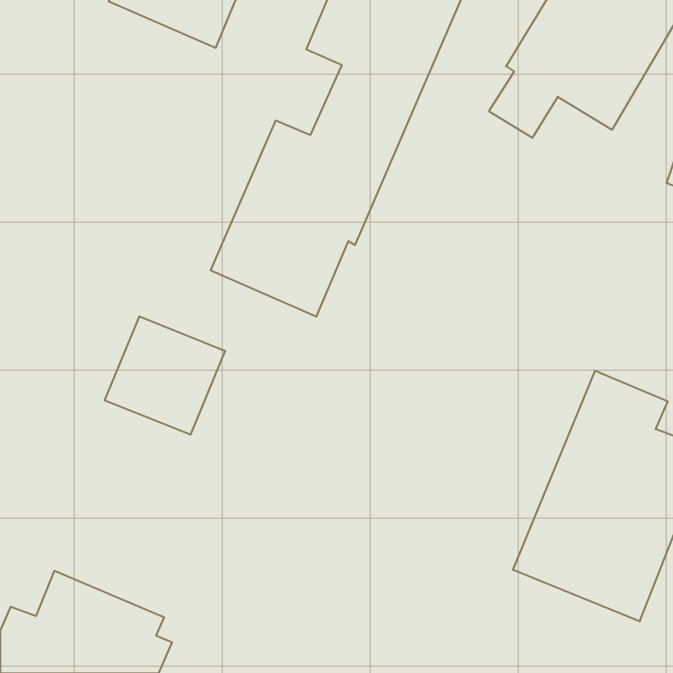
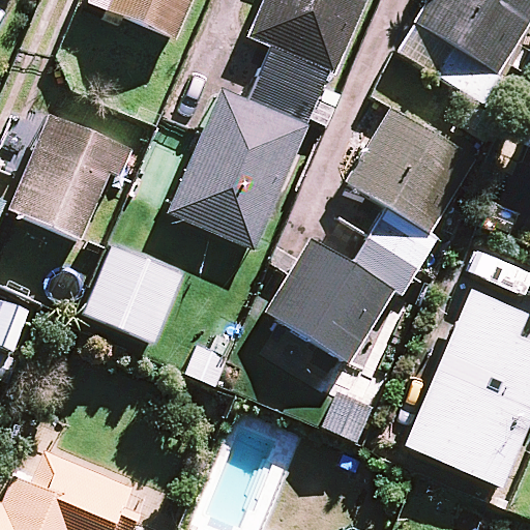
building: none -> [268,110,472,366]
building: none -> [9,114,121,239]

